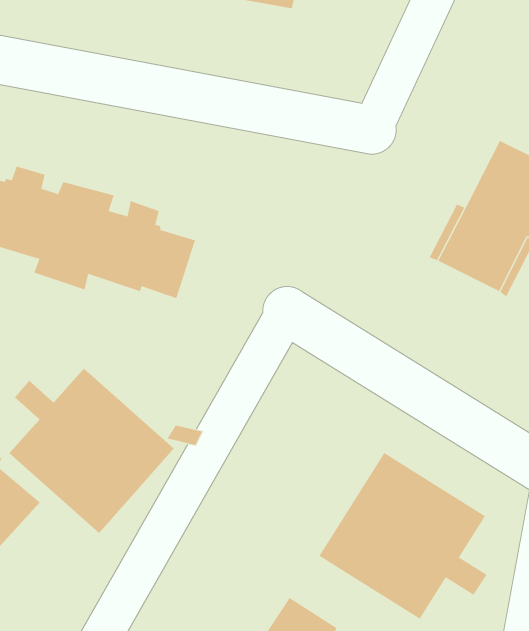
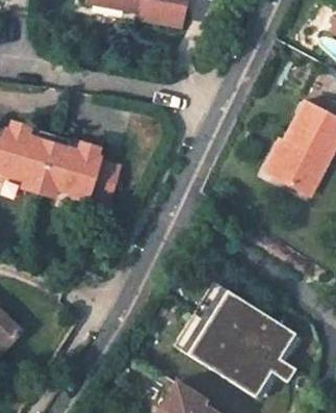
building: [9,368,175,534] -> none
building: none -> [175,282,234,357]

